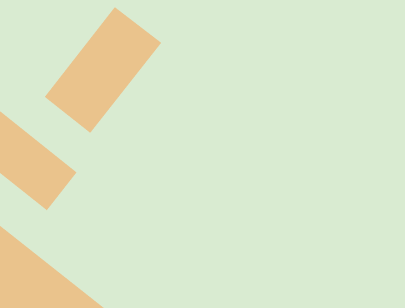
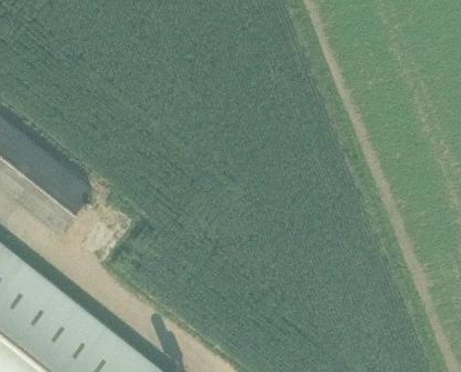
building: [44,6,162,134] -> none

